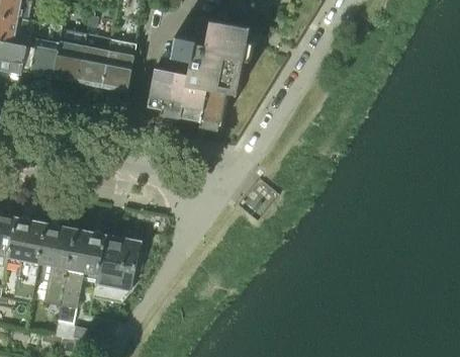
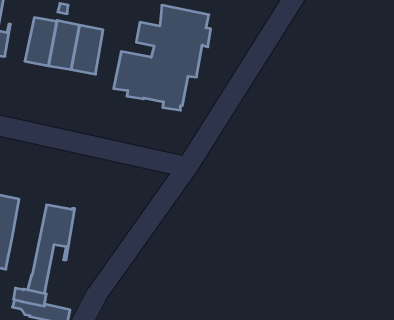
building: [30,22,62,75] -> none
building: [38,222,75,303] -> none
building: [96,233,143,293] -> none

